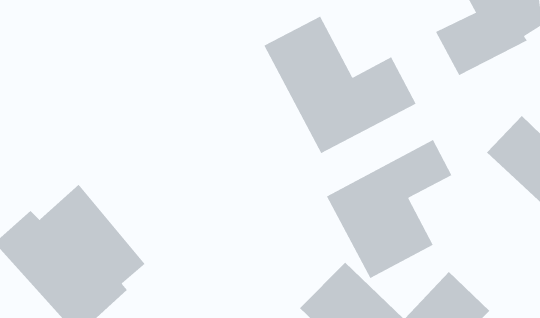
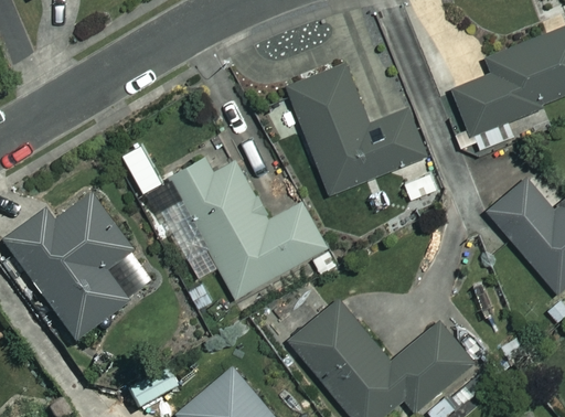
building: none -> [170,147,326,297]
building: [326,139,452,279] -> none

